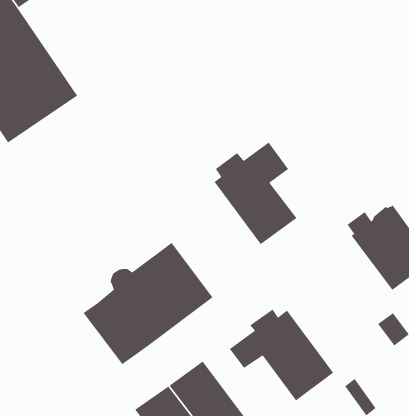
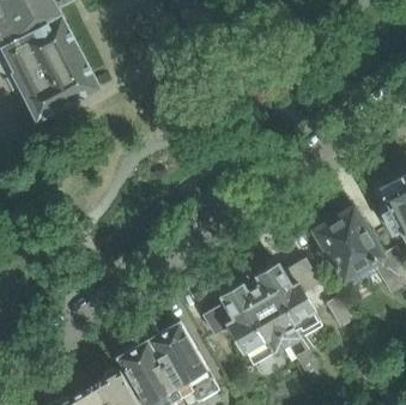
building: [213,142,297,245] -> [254,259,321,345]
building: [82,242,214,365] -> none

